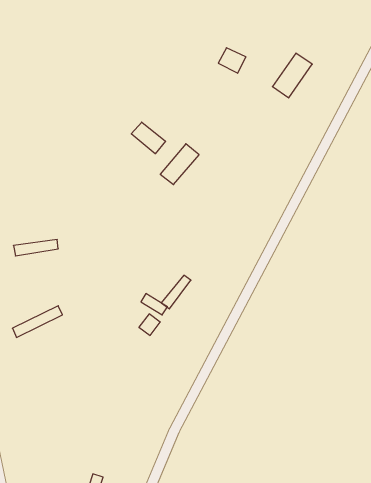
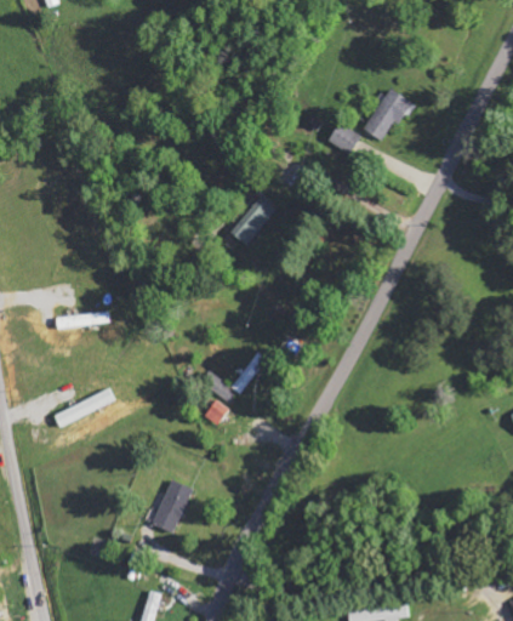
building: [218,48,246,73] -> [329,124,361,154]
building: [131,122,166,154] -> none
building: none -> [156,479,192,531]

